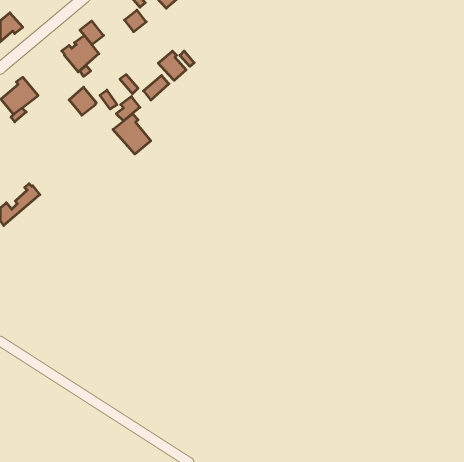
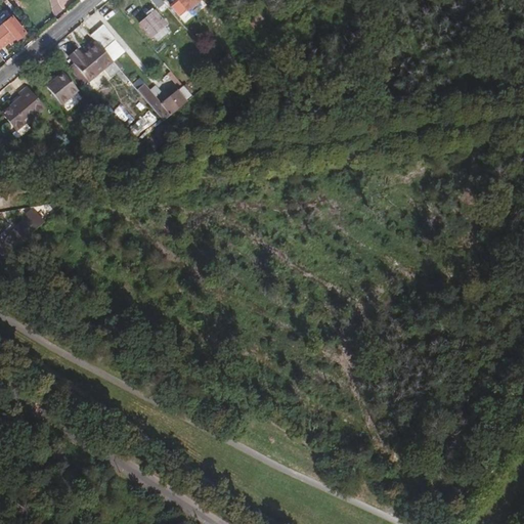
building: [158,51,186,80] -> none
building: [69,87,96,115] -> [46,73,77,104]
building: [113,114,151,154] -> none

